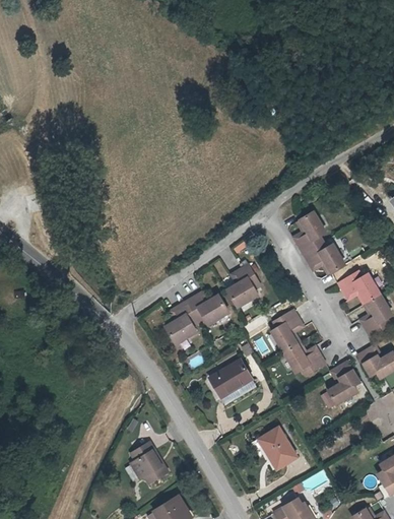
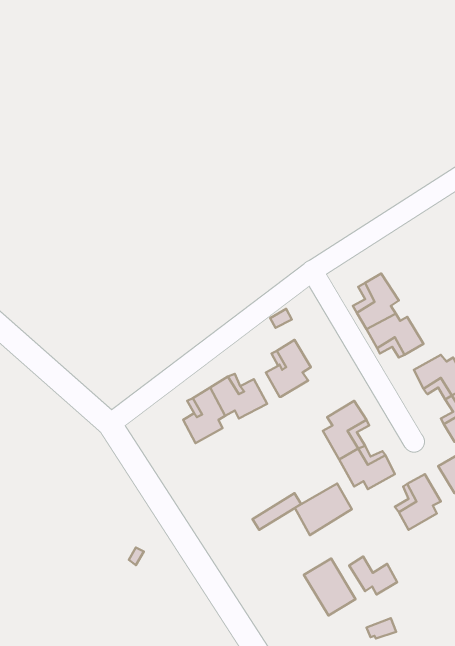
building: [208,359,251,397] -> [295,484,352,535]
building: none -> [349,556,397,595]
building: [129,446,167,484] -> none

